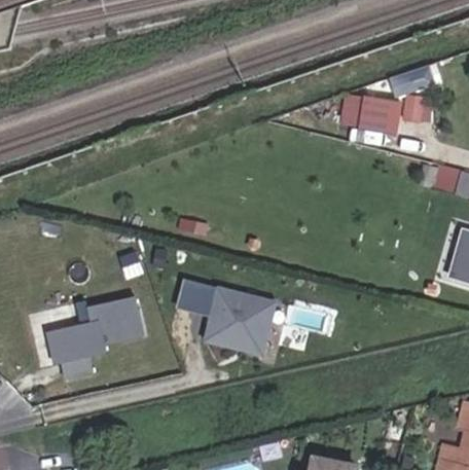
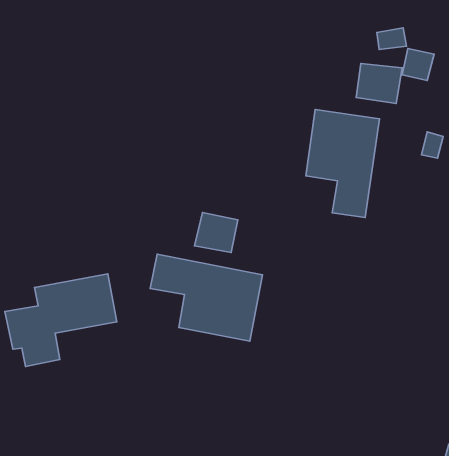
building: none -> [306,109,379,217]
building: none -> [195,213,238,253]

